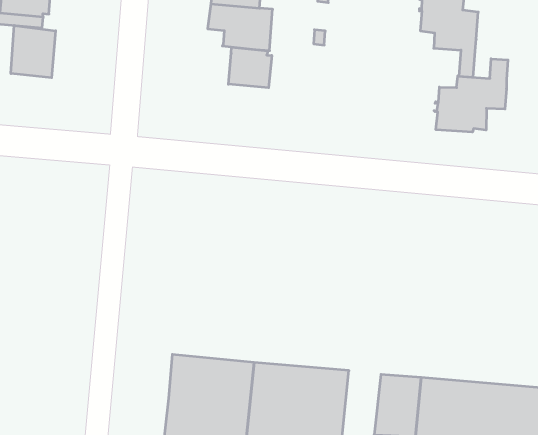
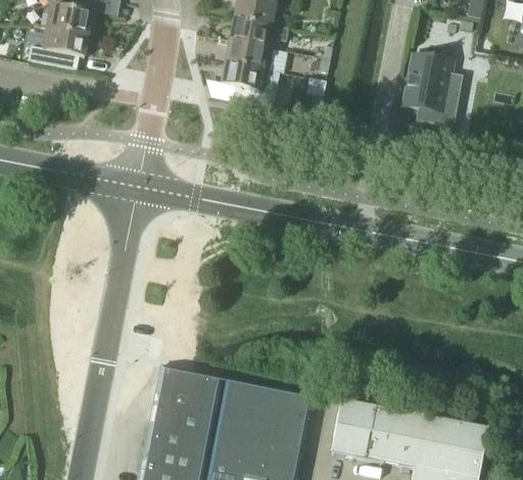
building: [11,25,56,78] -> none
building: [228,47,272,88] -> none
building: [434,59,508,132] -> none

